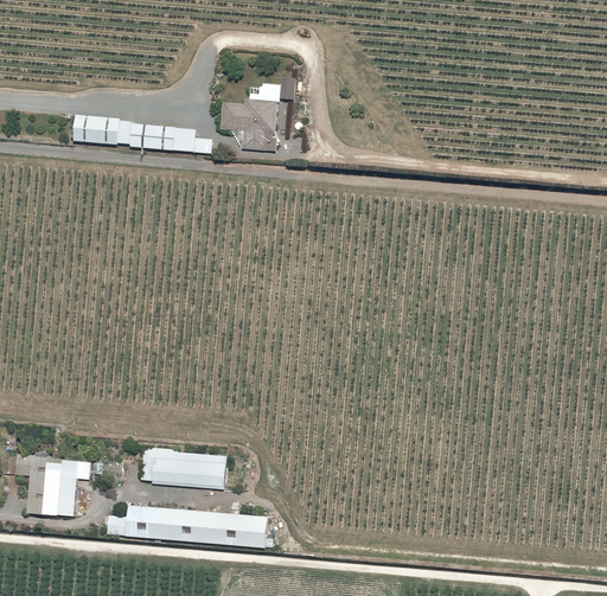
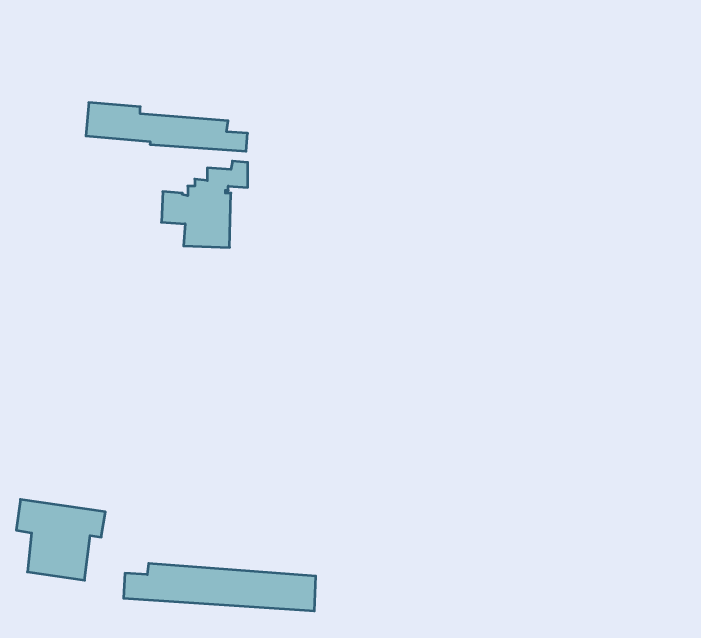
building: [222,78,295,152] -> [161,161,248,247]
building: [140,447,226,492] -> none

